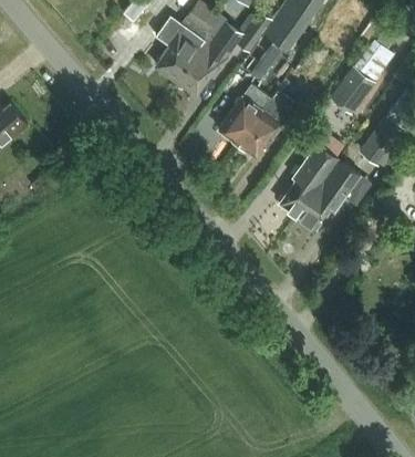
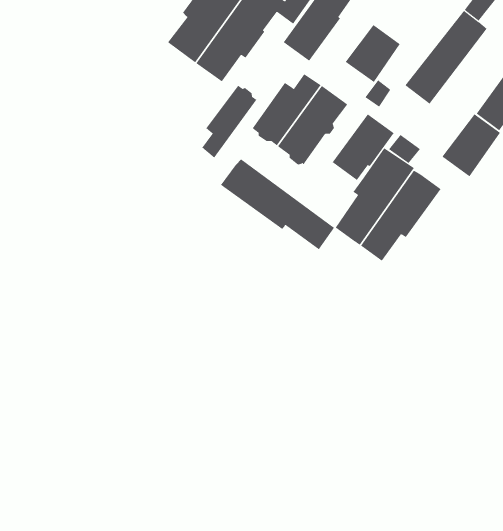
building: none -> [345,24,401,83]
building: none -> [201,85,257,158]
building: none -> [332,114,394,181]
building: none -> [220,158,335,250]

